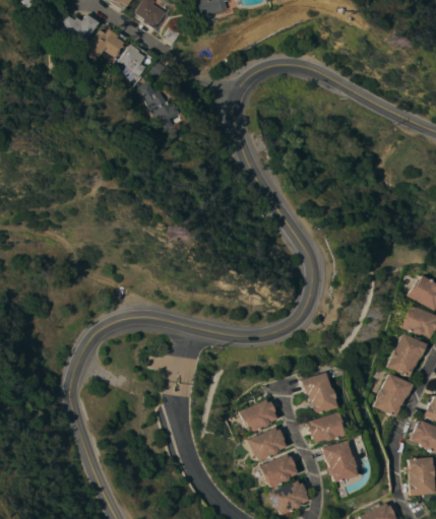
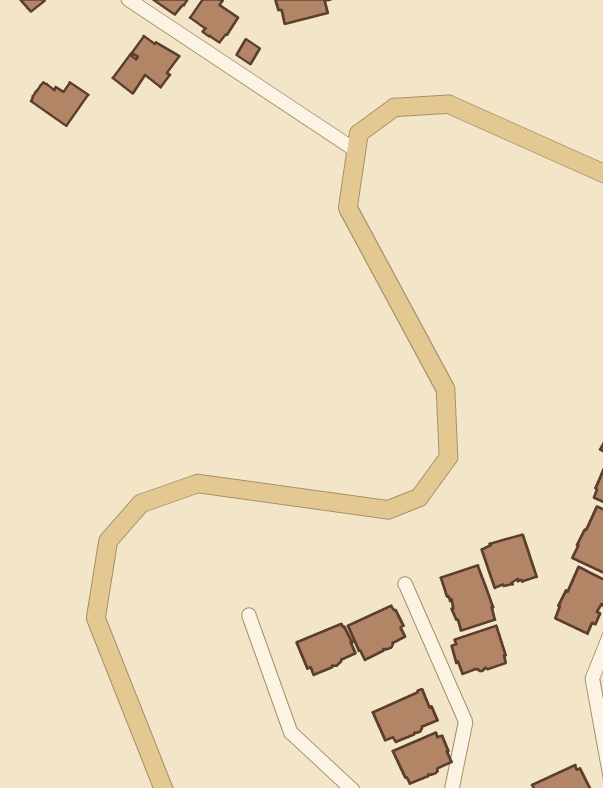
building: [63,14,101,43] -> [31,82,88,126]
building: [120,41,149,79] -> none
building: [138,80,184,129] -> none
building: none -> [482,535,537,588]
building: [247,428,286,461] -> [297,624,355,675]
building: [321,440,356,482] -> none

